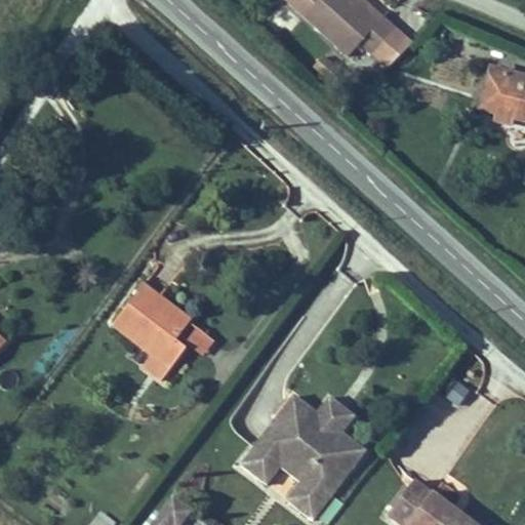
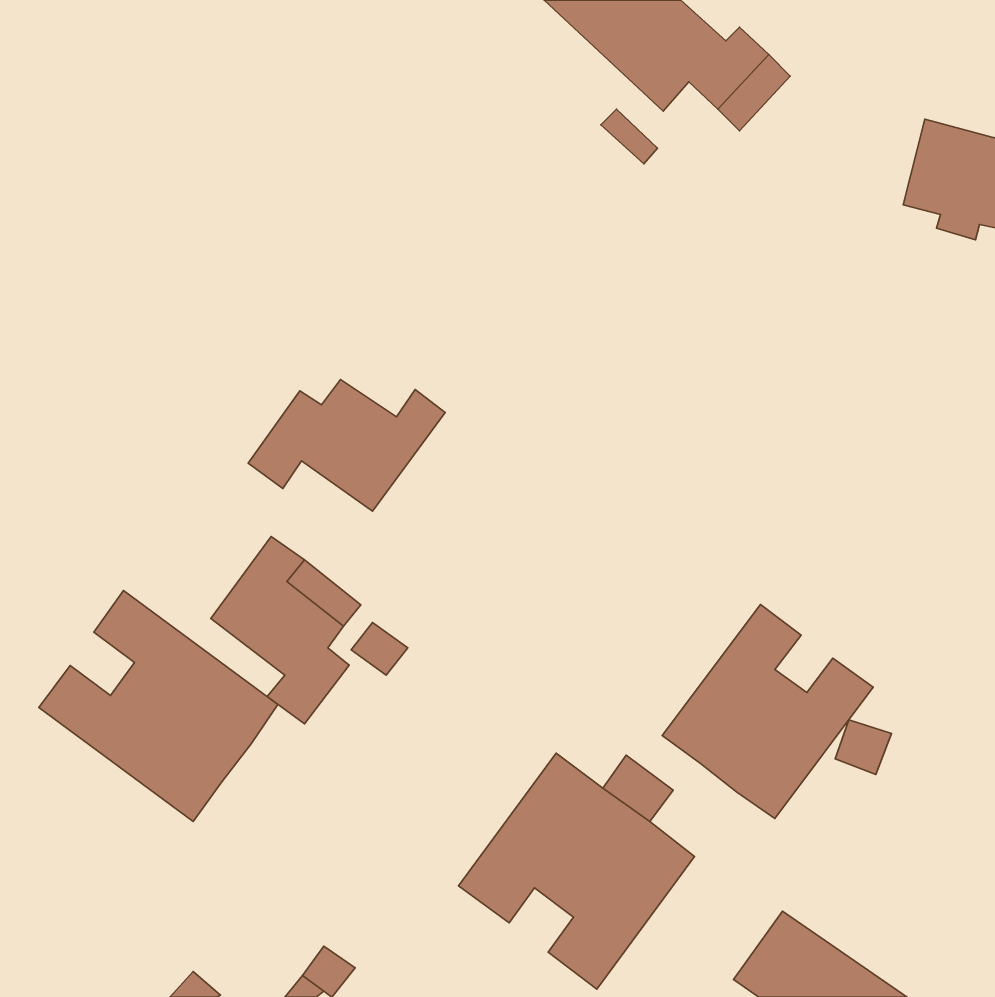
building: none -> [248,379,445,511]
building: none -> [39,590,278,822]
building: none -> [662,604,873,818]

